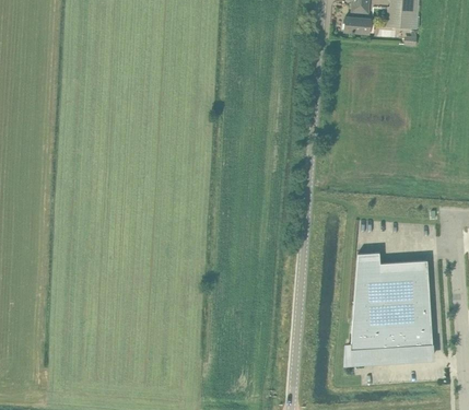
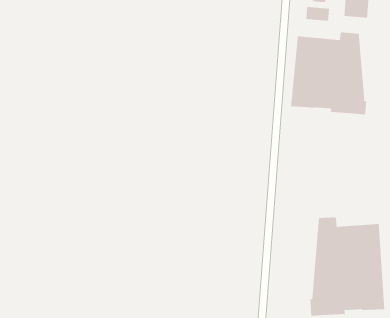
building: none -> [290,32,367,115]

